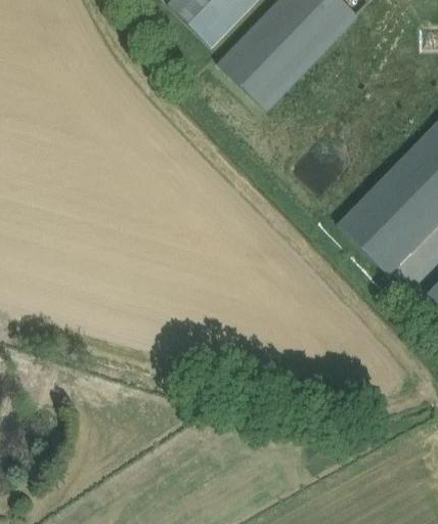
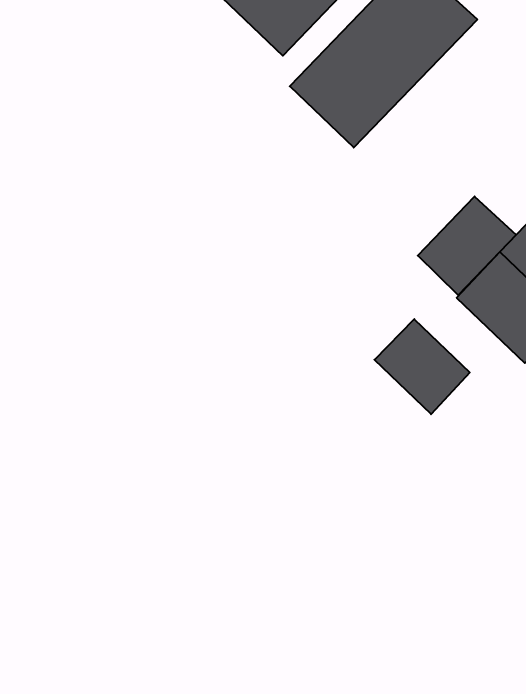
building: none -> [418,196,516,295]
building: none -> [374,319,470,414]

